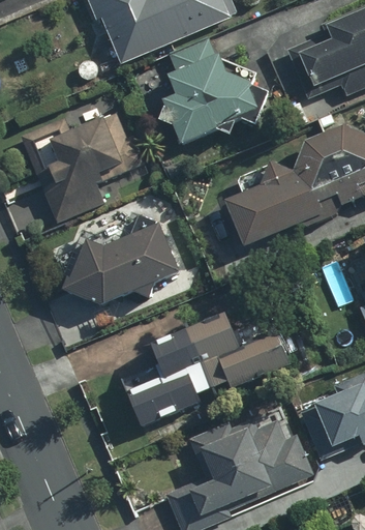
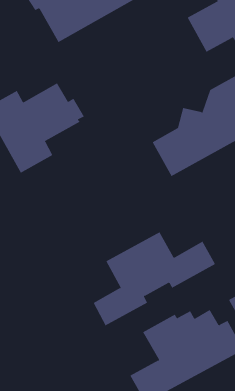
building: [162,38,257,141] -> none
building: [62,224,180,306] -> none

